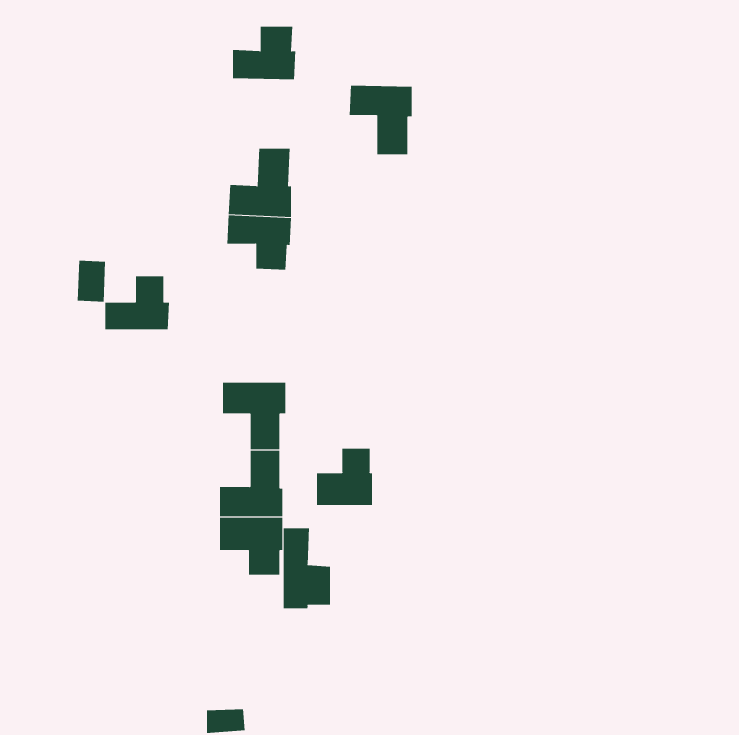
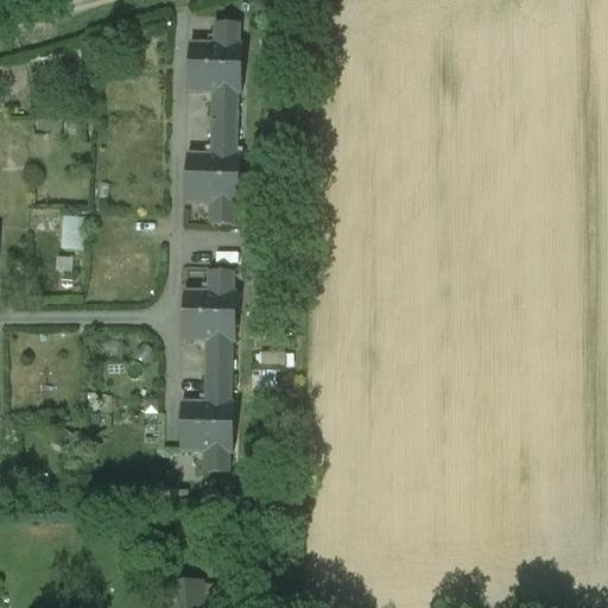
building: [349,85,413,155] -> [189,64,241,121]
building: [105,276,170,330] -> [182,268,235,312]
building: [316,448,373,506] -> none
building: [283,527,330,609] -> none

